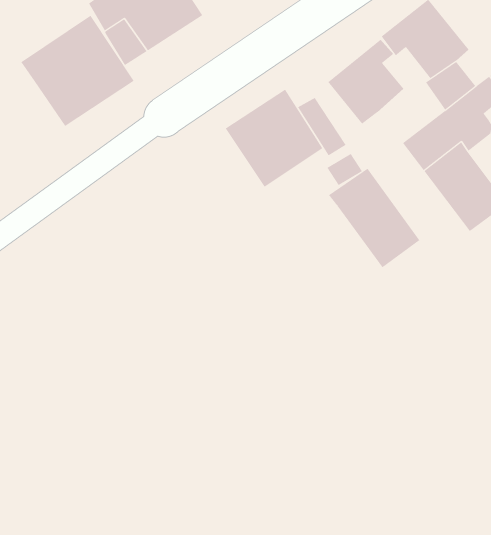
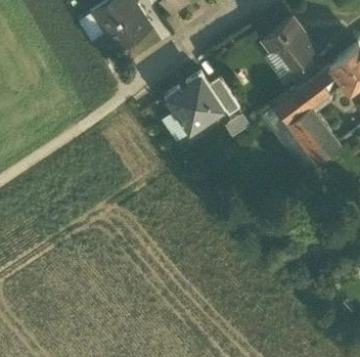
building: [21,15,134,127] -> none
building: [328,39,404,125] -> none
building: [328,168,420,268] -> none

